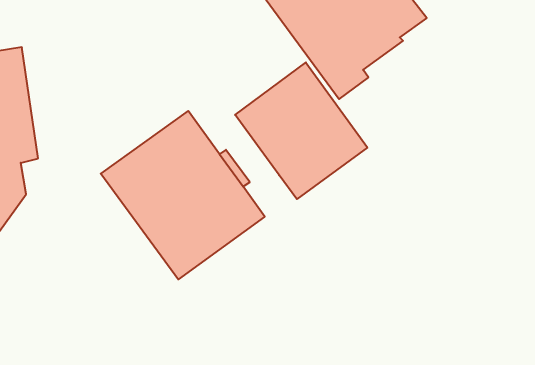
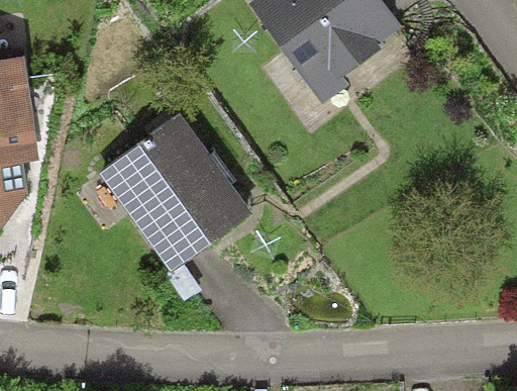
building: [235,62,367,199] -> none

